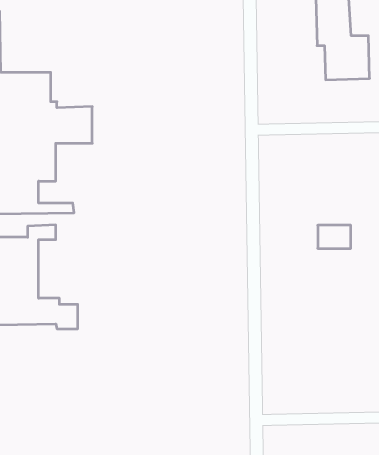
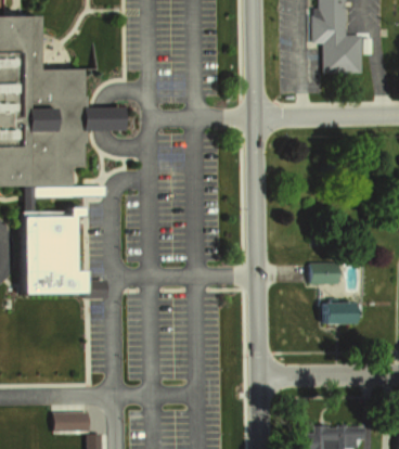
building: [318,225,351,248] -> [313,264,343,284]
building: none -> [322,303,365,324]

